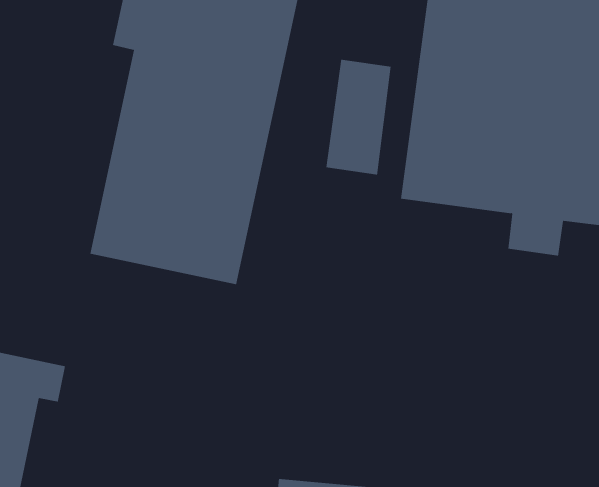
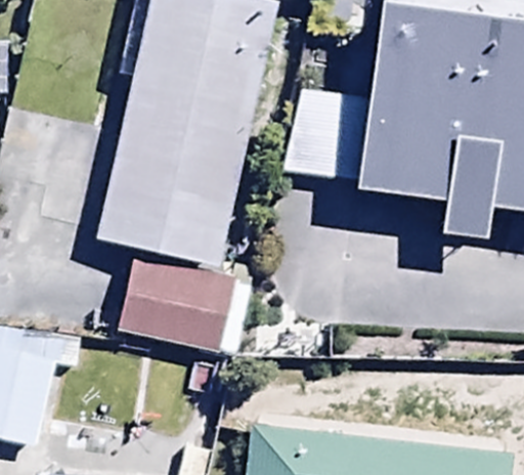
building: none -> [117,258,254,401]

